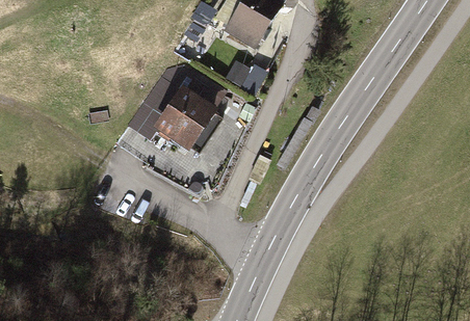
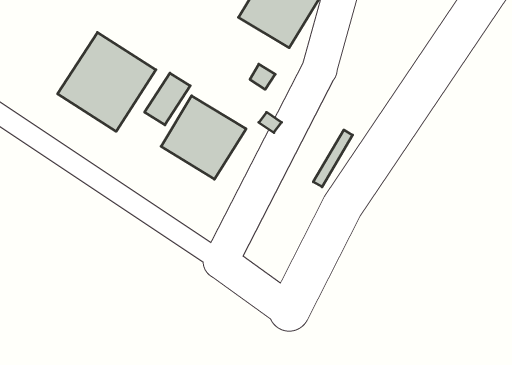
building: none -> [58,32,156,131]

